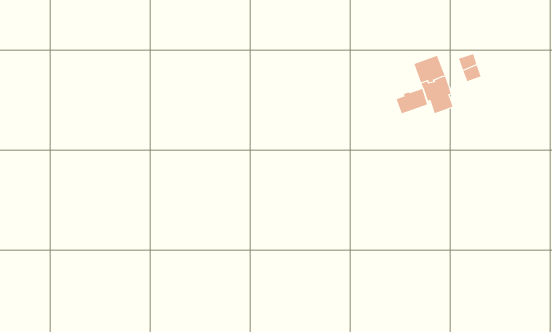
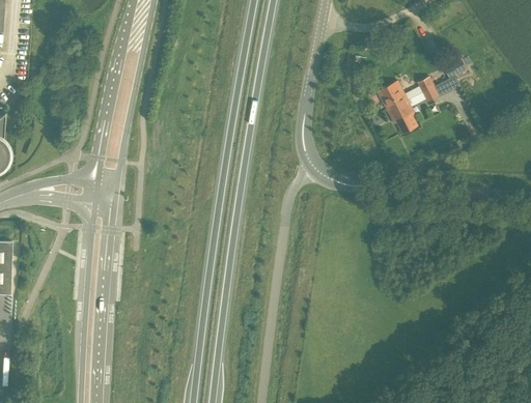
building: [396,88,428,114] -> none

